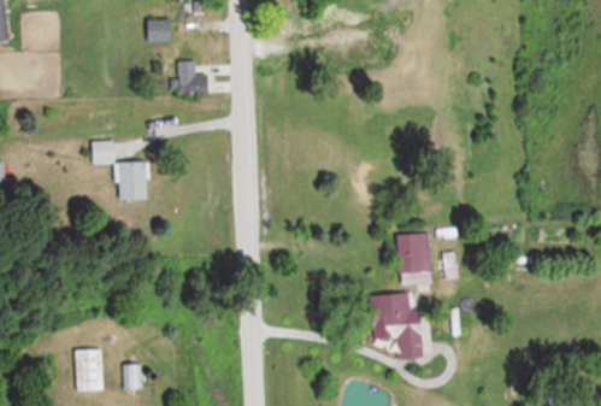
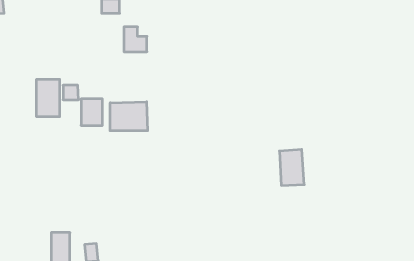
building: none -> [37,79,60,117]
building: none -> [110,102,148,131]
building: [371,293,423,358] -> none

